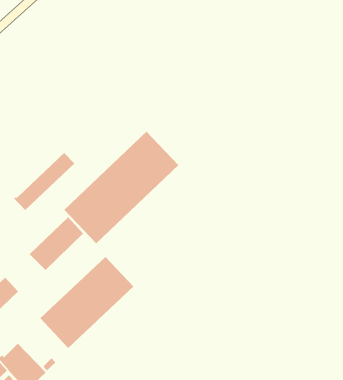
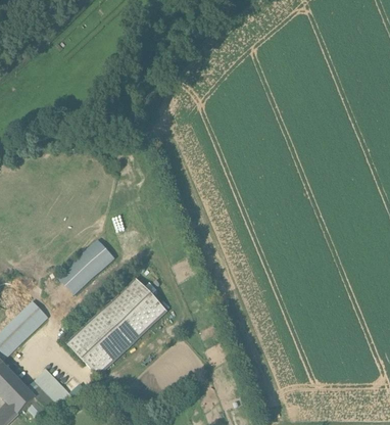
building: [63,131,179,244] -> none
building: [12,152,75,211] -> none

